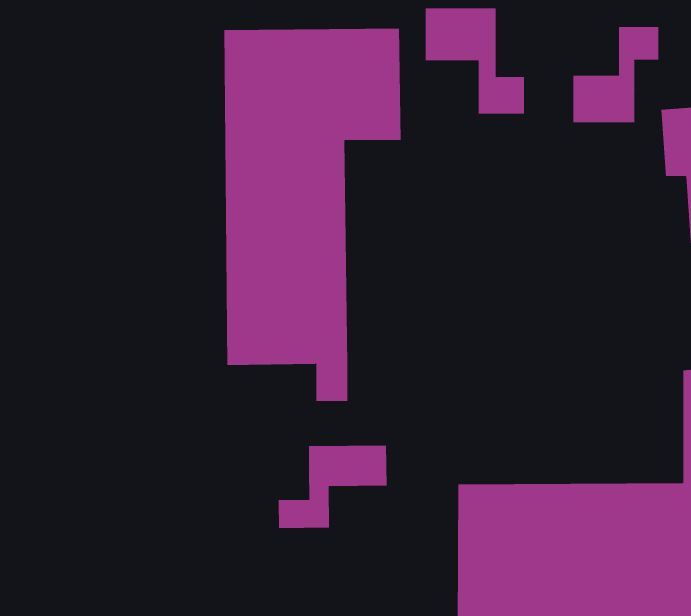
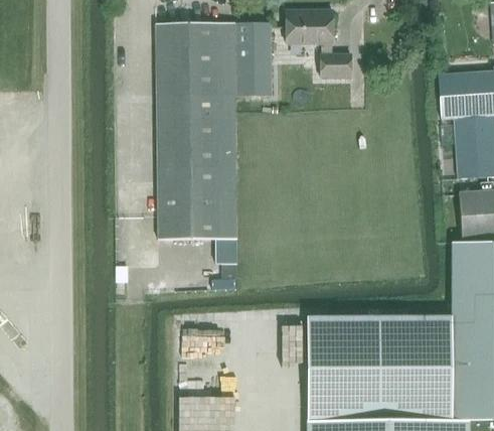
building: [573,26,659,123] -> none
building: [278,445,387,529] -> none

